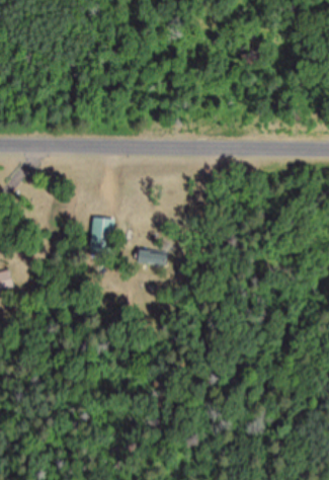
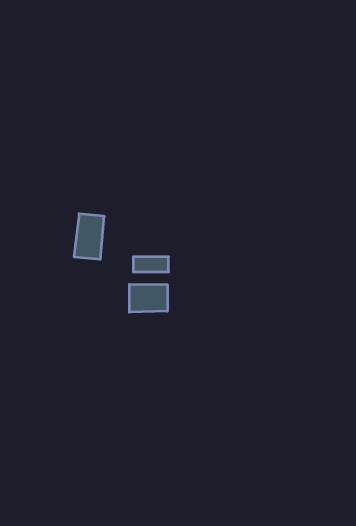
building: none -> [129,284,167,312]

